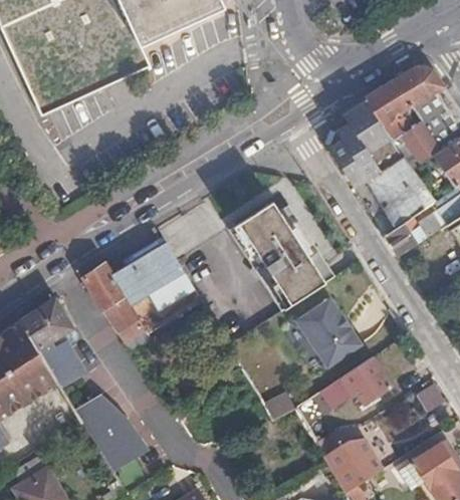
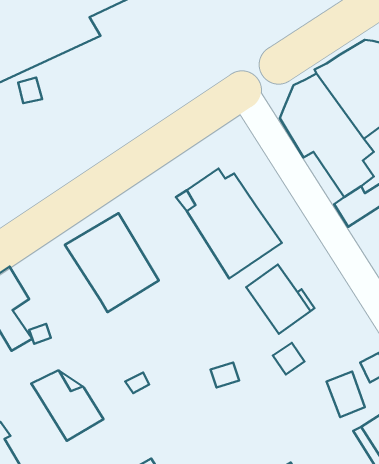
building: [83,263,148,342] -> none
building: [341,354,392,400] -> none
building: [323,442,382,491] -> none

